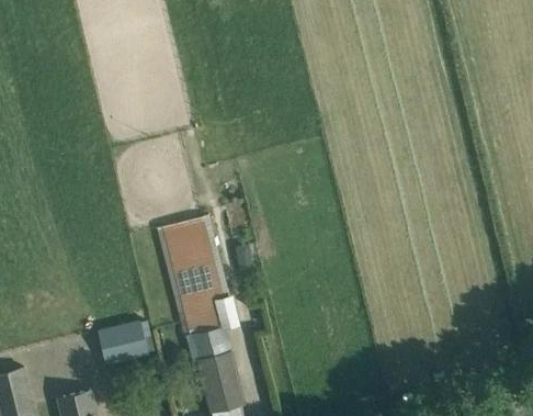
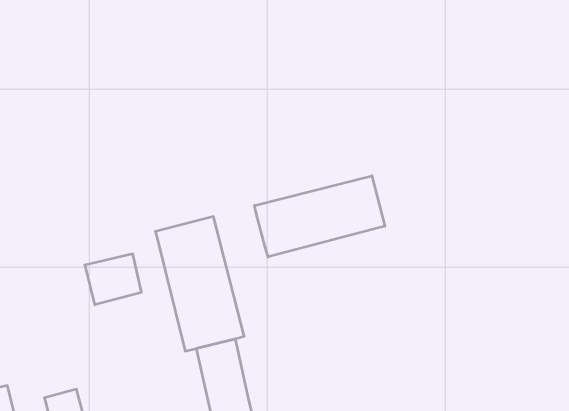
building: none -> [255,176,385,257]
building: [98,322,148,367] -> [85,254,141,305]

